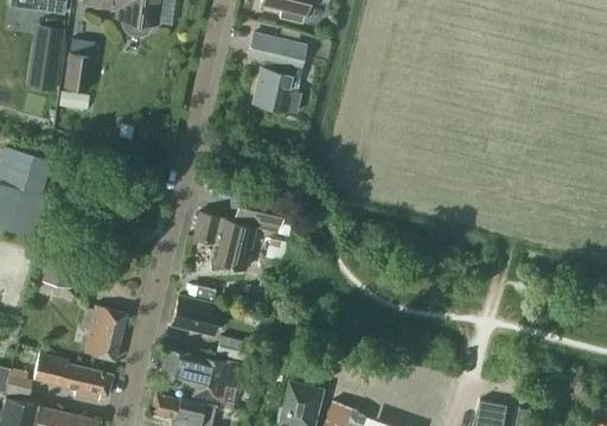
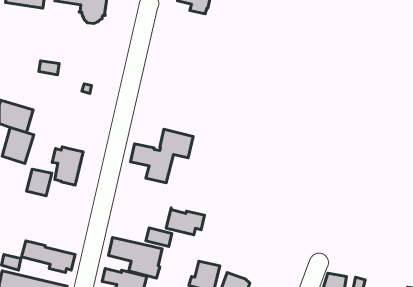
building: [36,18,65,90] -> none
building: [248,33,305,112] -> none
building: [64,53,92,90] -> none
building: [172,295,228,335] -> [166,208,204,235]
building: [81,305,126,361] -> [52,147,83,185]

